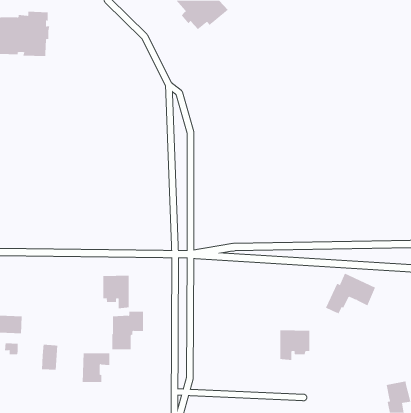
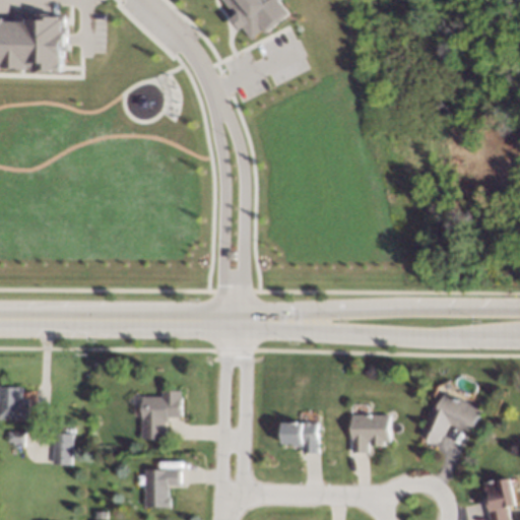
building: [325,273,376,314] -> [419,392,483,444]
building: [103,275,129,309] -> none
building: none -> [283,421,319,453]
building: [82,353,110,383] -> [145,469,181,507]

